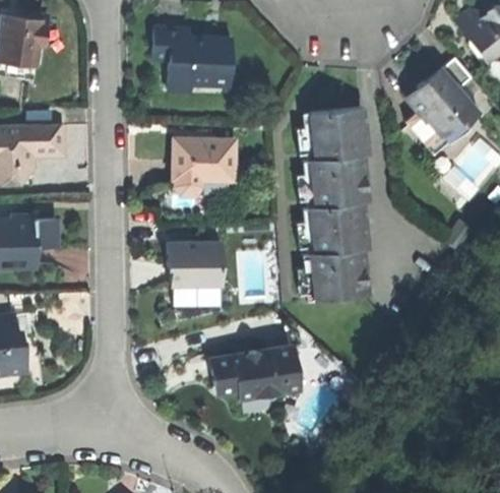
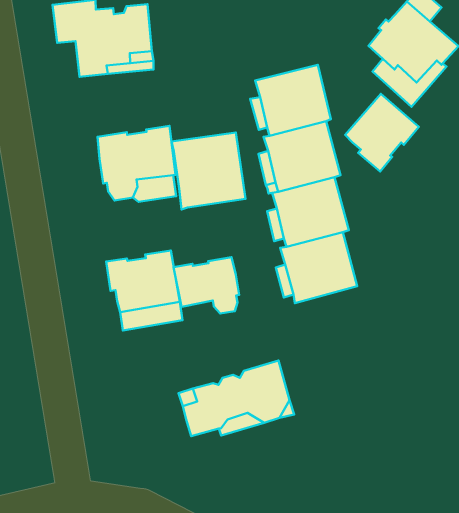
building: none -> [345,94,419,171]
building: none -> [171,132,246,209]
building: none -> [174,257,239,314]

